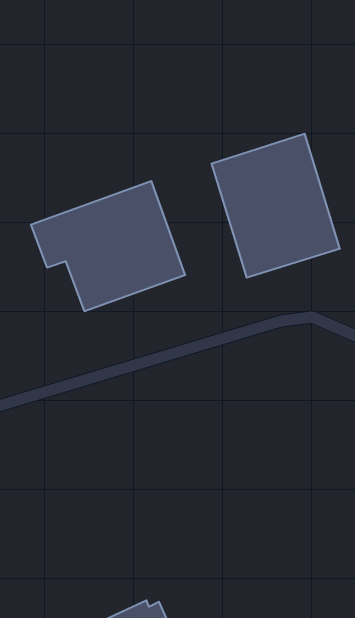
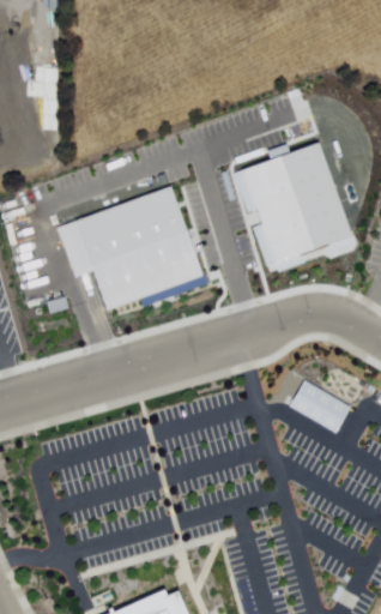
building: none -> [289,380,353,435]

